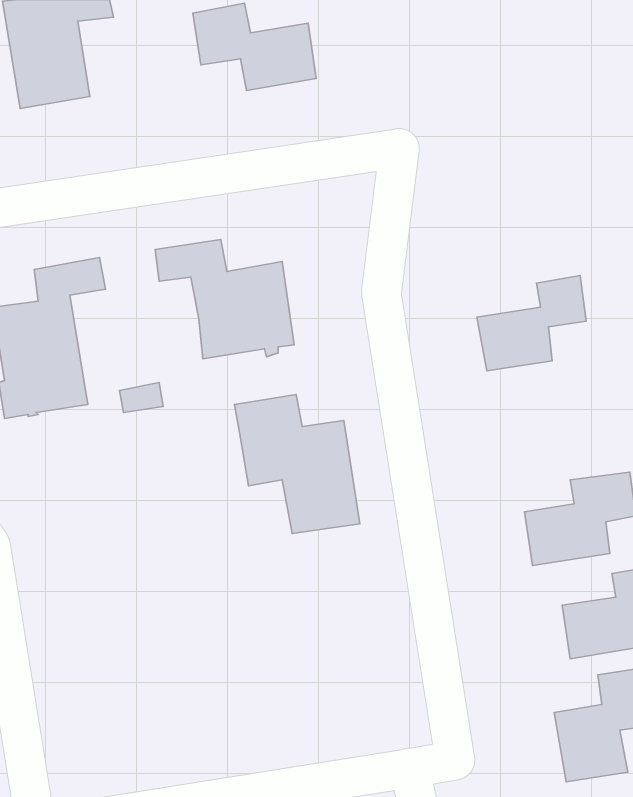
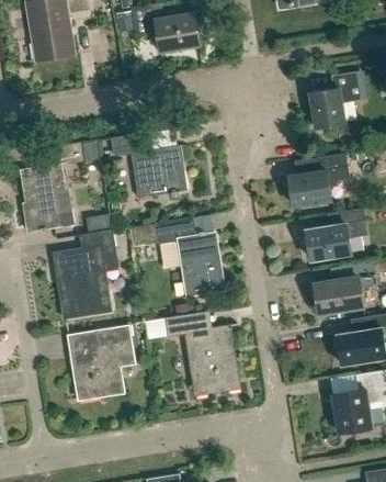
building: none -> [310,72,360,128]
building: none -> [306,208,367,260]
building: none -> [54,232,116,318]
building: none -> [166,314,239,395]
building: none -> [69,325,133,402]

